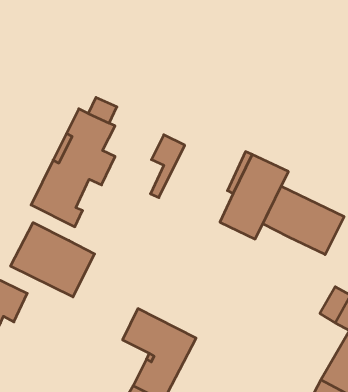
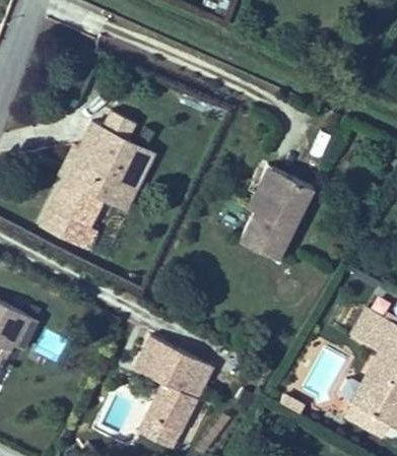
building: [150,135,185,198] -> [116,139,152,206]
building: [263,186,344,255] -> none
building: [11,223,95,297] -> none

